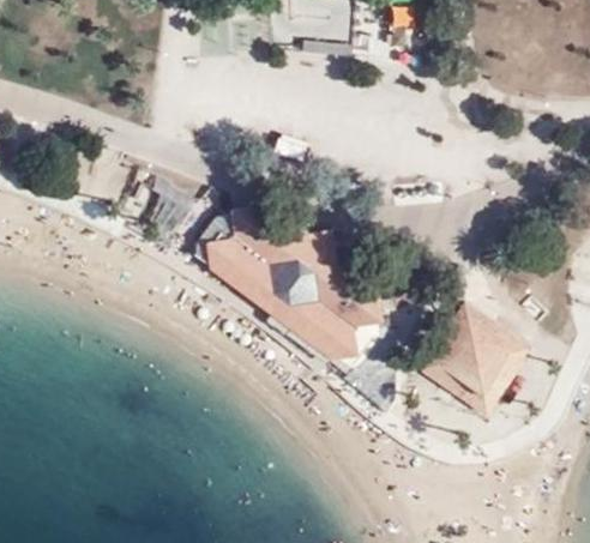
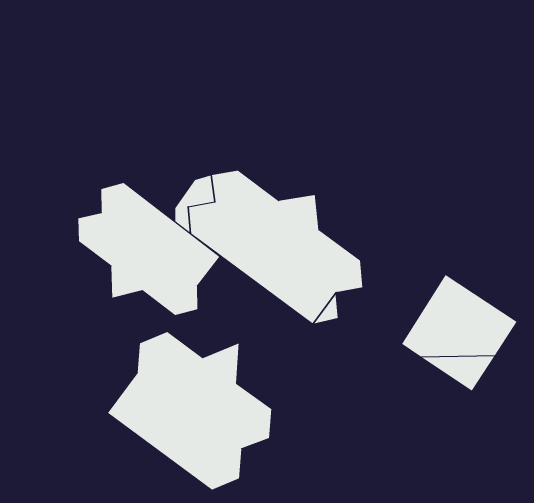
building: none -> [78,182,220,316]
building: none -> [107,331,272,490]

